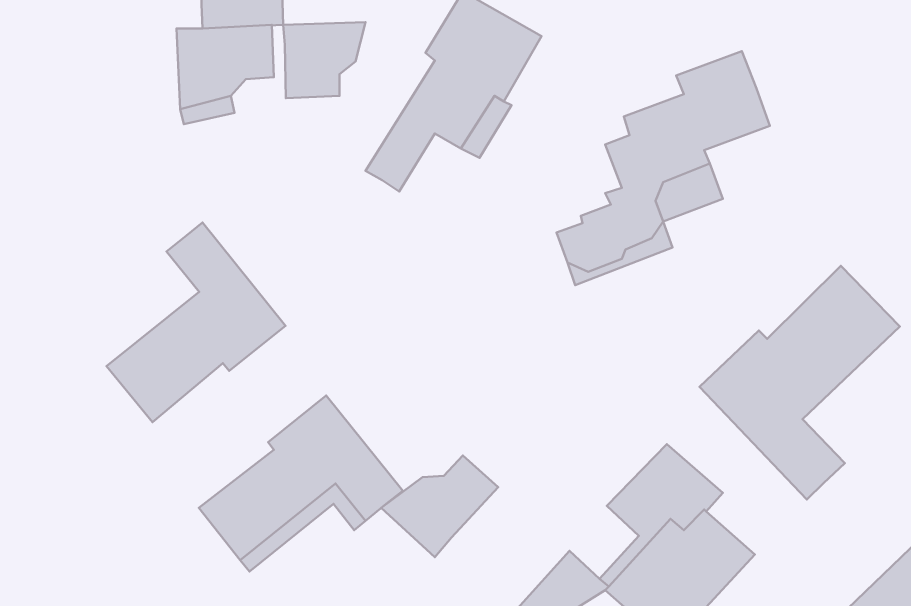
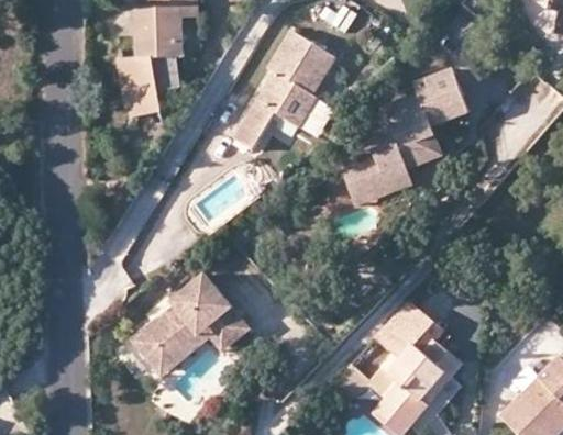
building: [283,22,365,98] -> none
building: [107,222,286,422] -> none
building: [699,266,900,500] -> none
building: [381,456,498,557] -> none

